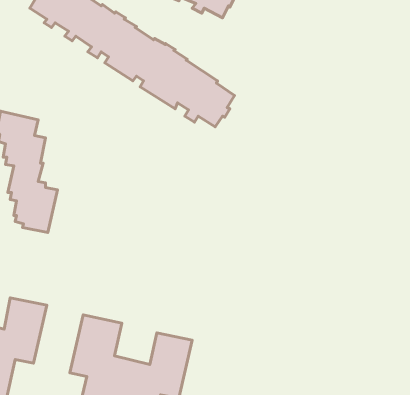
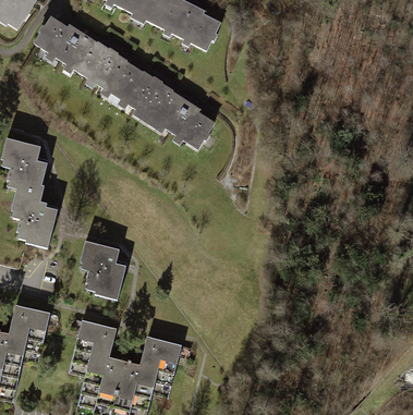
building: none -> [81,241,126,300]

